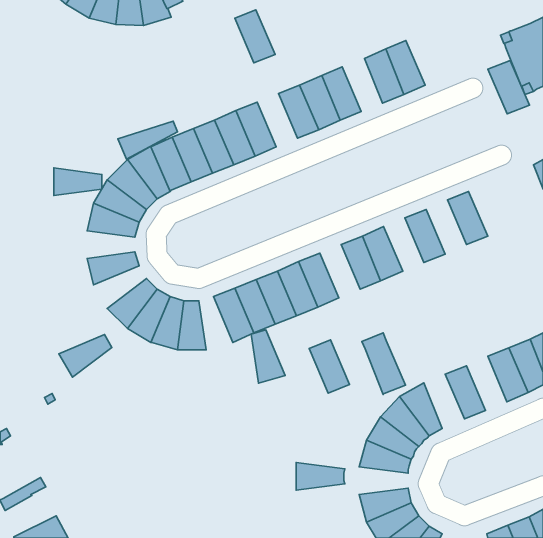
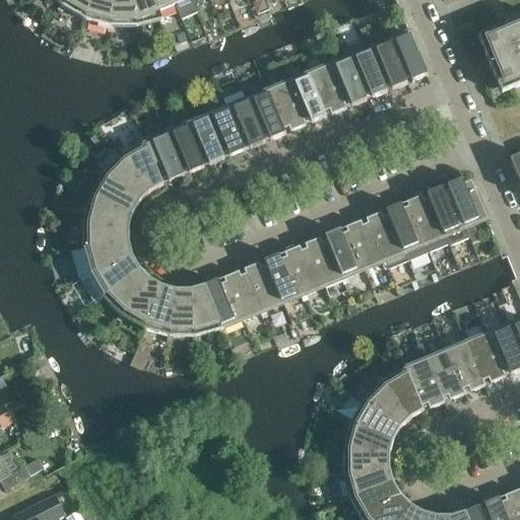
building: [235,10,275,63] -> [246,89,284,140]
building: none -> [327,56,366,107]
building: [488,61,529,114] -> [388,30,428,81]
building: [118,121,178,159] -> none
building: [54,168,102,196] -> [83,220,129,247]
building: none -> [448,177,488,225]
building: none -> [407,191,446,243]
building: none -> [367,208,405,259]
building: [251,330,285,383] -> [190,283,222,334]
building: [362,333,405,395] -> [402,350,444,409]
building: [59,335,112,377] -> [89,254,140,295]
building: [309,340,349,393] -> [306,234,344,284]
building: none -> [446,340,484,392]
building: [296,462,345,490] -> [343,446,390,472]

